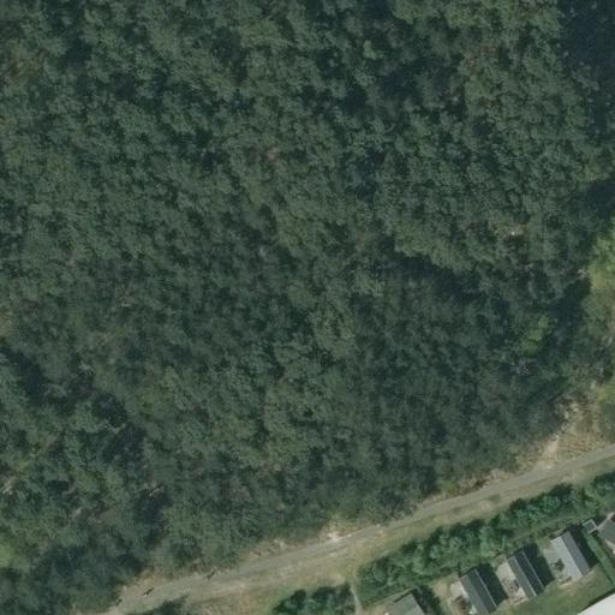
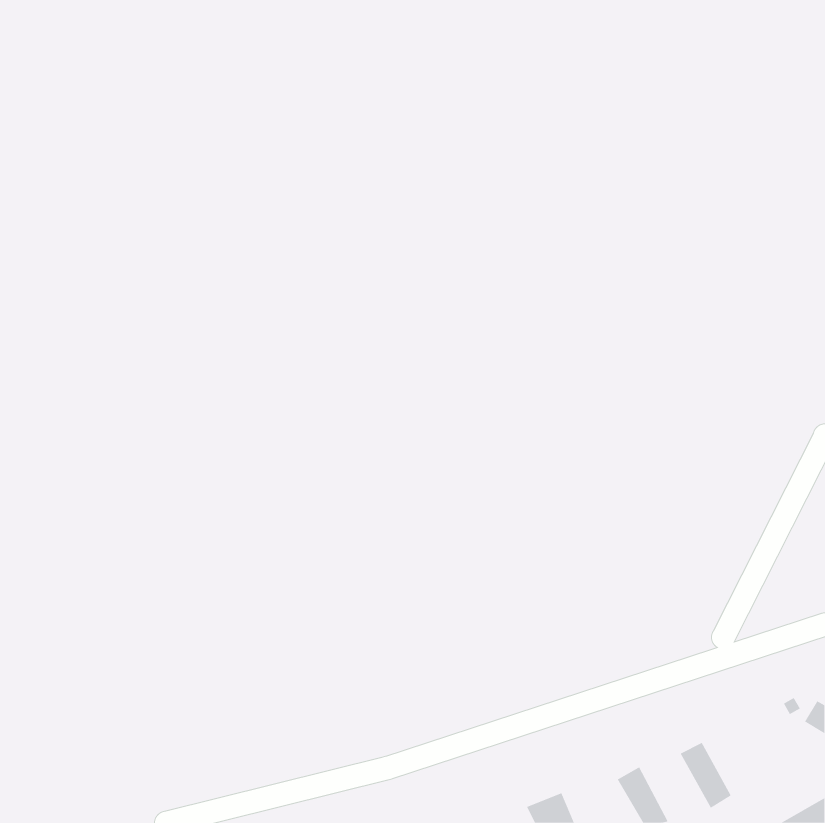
building: [551,532,591,581] -> none

